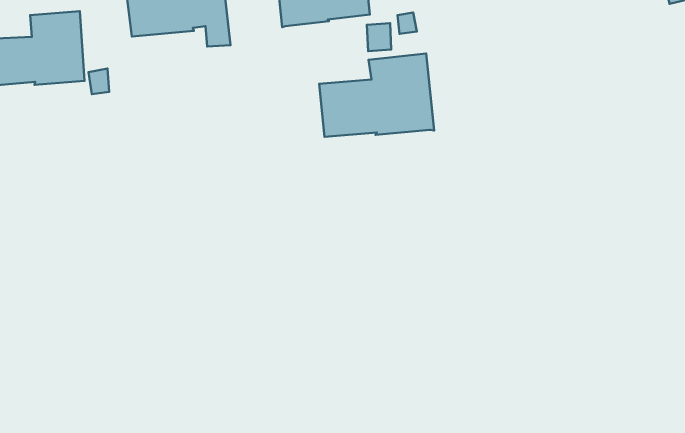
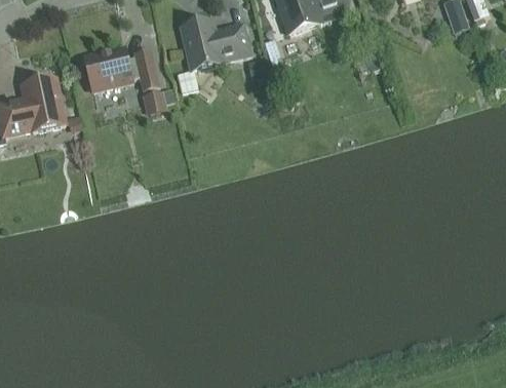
building: none -> [142,87,170,114]
building: [319,54,434,137] -> none

